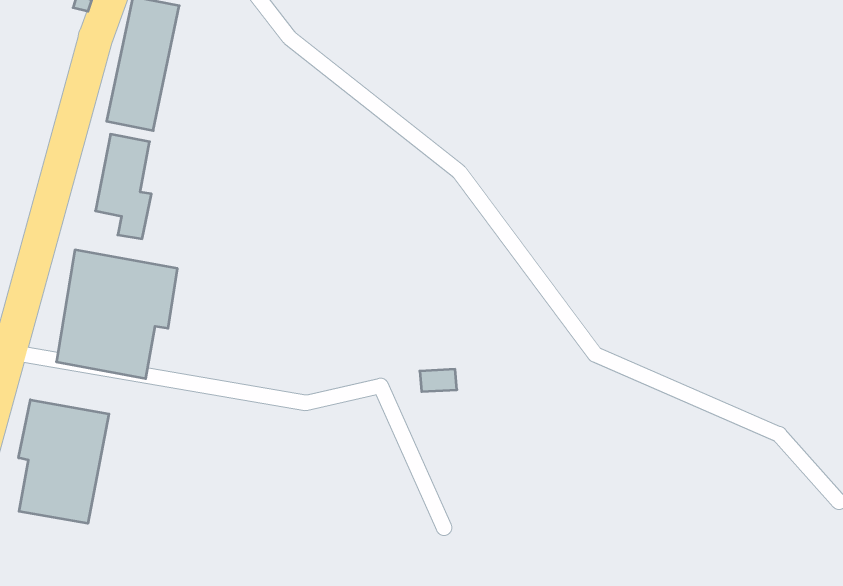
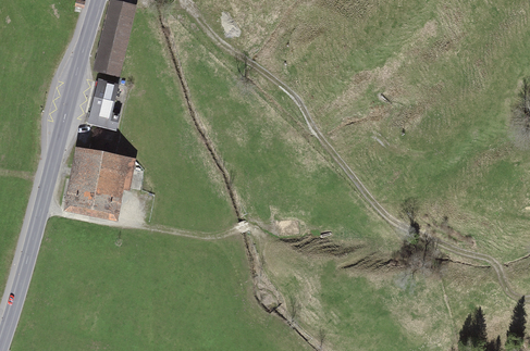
building: [19,400,109,523] -> none

